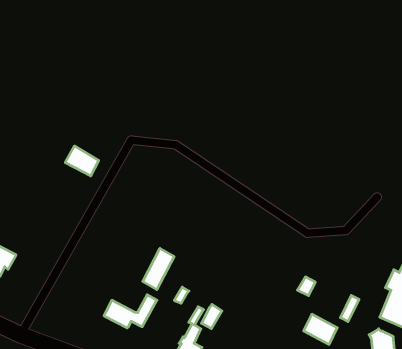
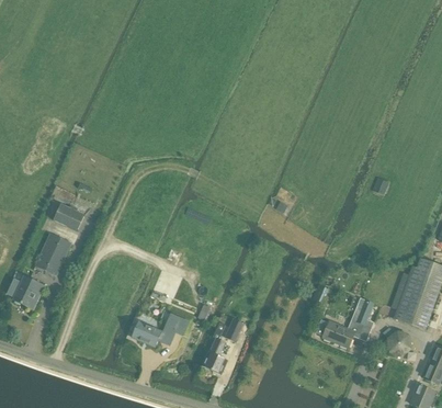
building: [65,146,99,176] -> [53,202,84,229]
building: none -> [35,231,71,273]
building: [143,248,174,290] -> none

